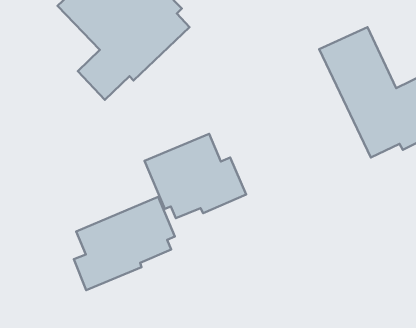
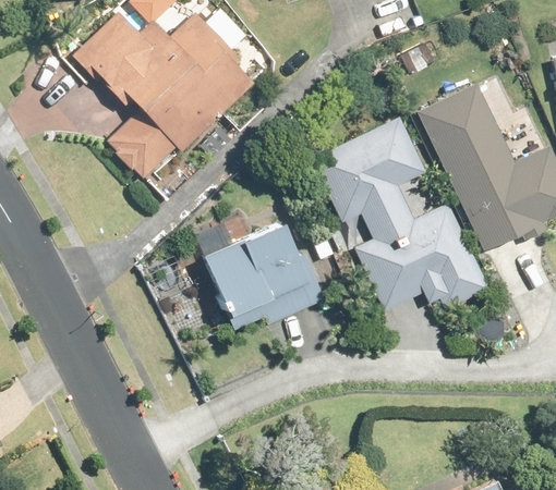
building: none -> [312,113,491,317]
building: [74,197,175,290] -> none

